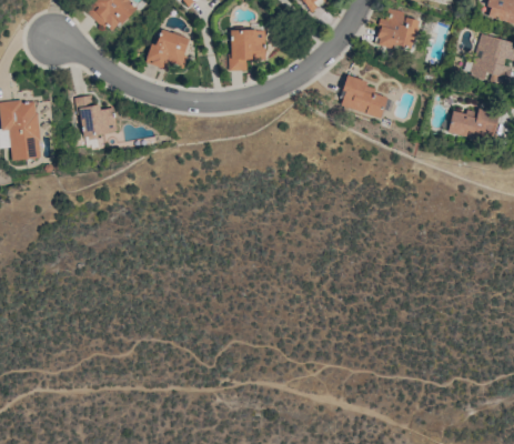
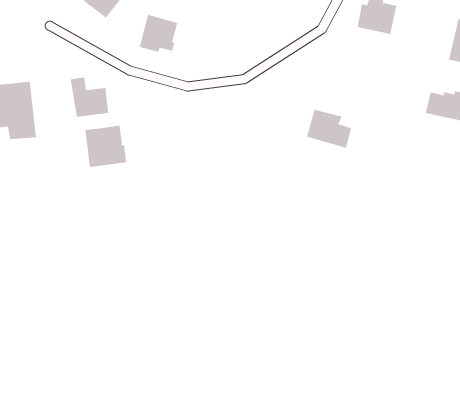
building: [229,29,265,71] -> none
building: [340,77,387,118] -> [306,109,352,148]
building: none -> [85,125,126,168]

